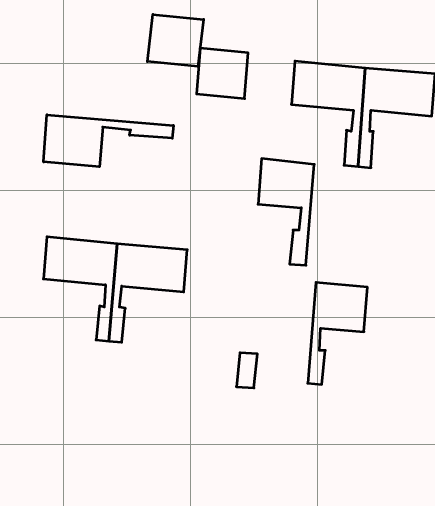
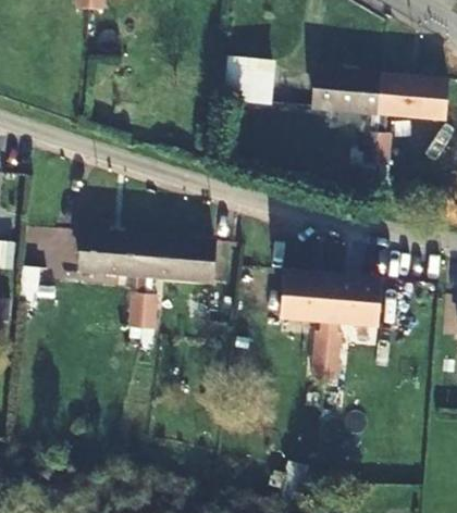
building: [147,14,204,67] -> none
building: [44,115,173,167] -> none
building: [258,159,314,265] -> [281,272,333,371]

